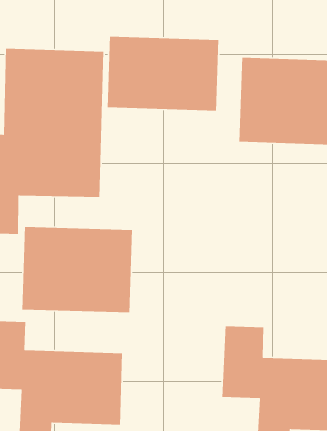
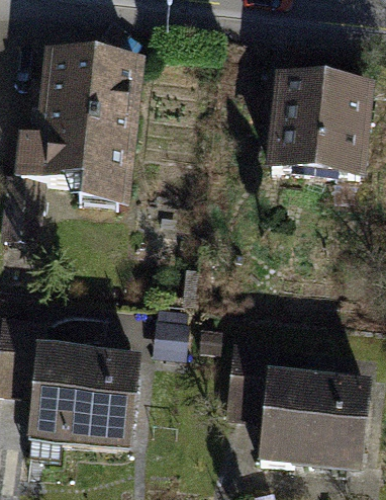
building: [107,36,219,111] -> none
building: [22,226,133,313] -> none

